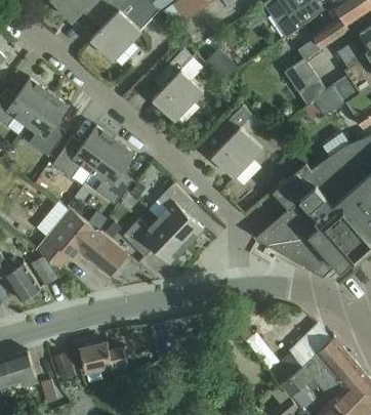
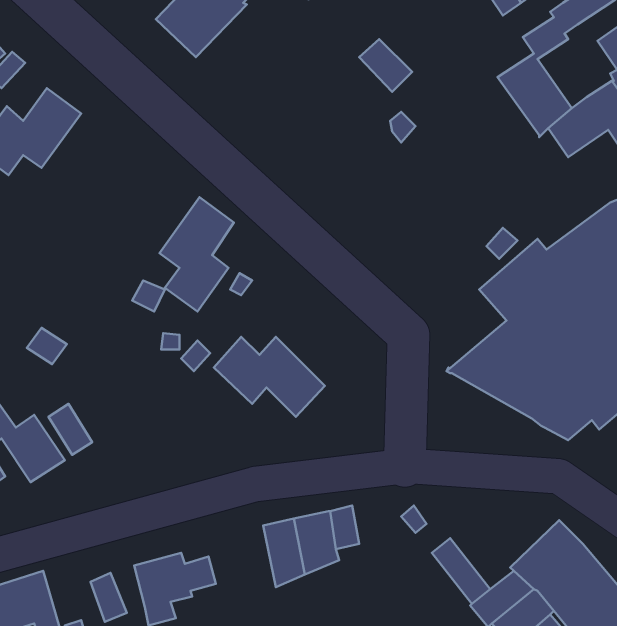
building: [152,49,203,122] -> none
building: [26,93,69,157] -> none
building: [211,107,262,178] -> none
building: [52,127,115,179] -> none
building: [158,183,202,247] -> none
building: [36,210,126,277] -> none

